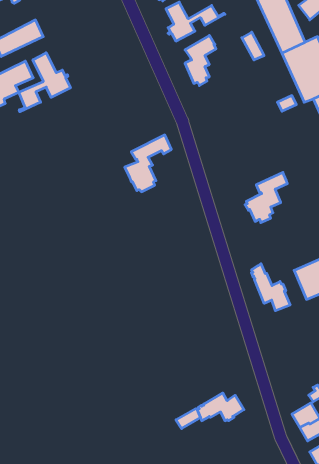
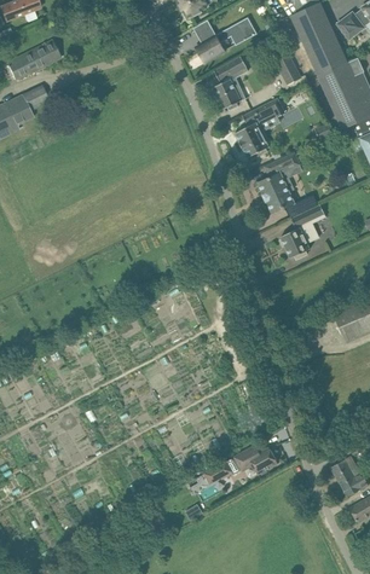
building: [19,53,70,112] -> none
building: none -> [258,151,300,213]
building: [125,135,171,192] -> [235,97,285,158]
building: [251,264,290,311] -> none

